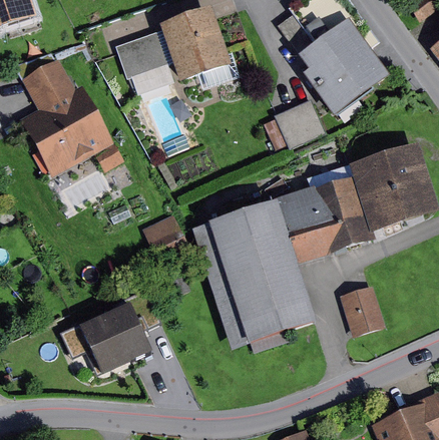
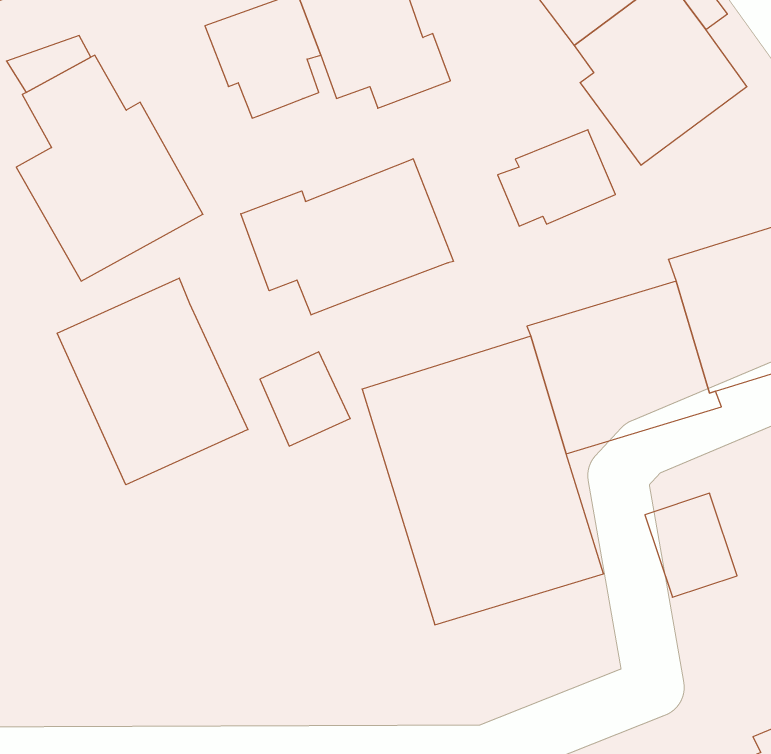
building: none -> [241,159,453,315]
building: none -> [57,278,248,485]
building: [78,303,151,374] -> none

